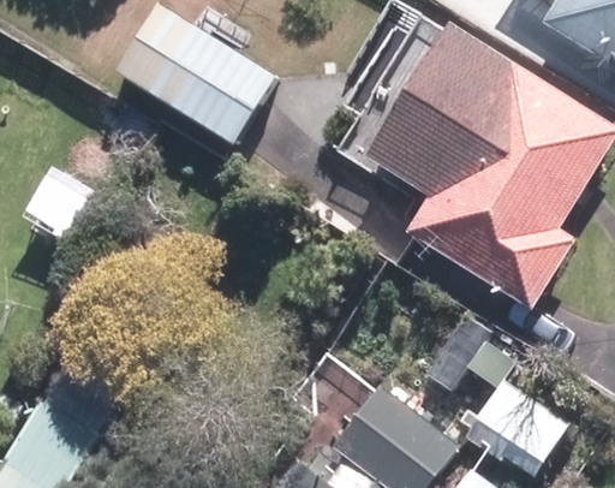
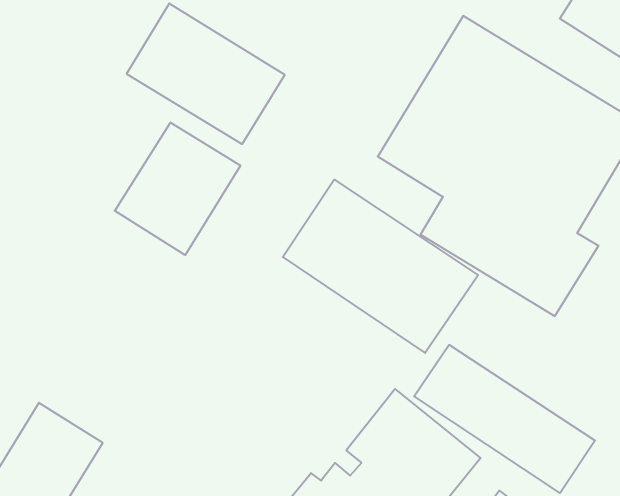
building: none -> [115,122,240,255]
building: none -> [283,180,478,353]

